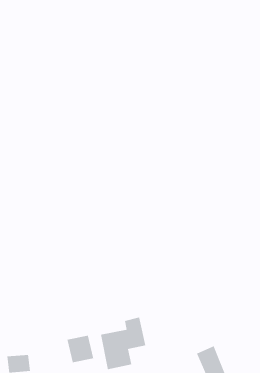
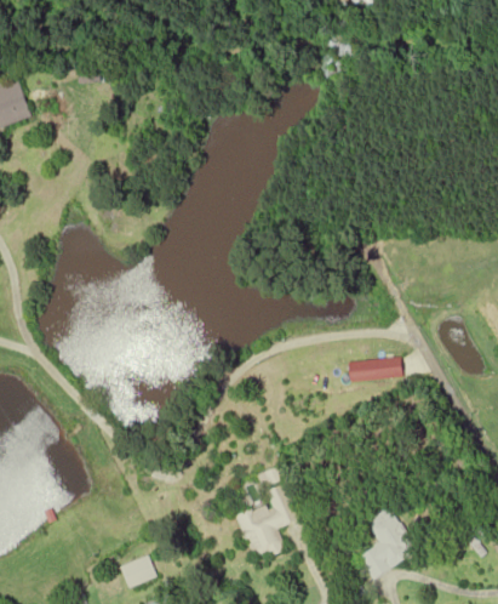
building: none -> [345,357,400,381]
building: [67,335,94,363] -> none

